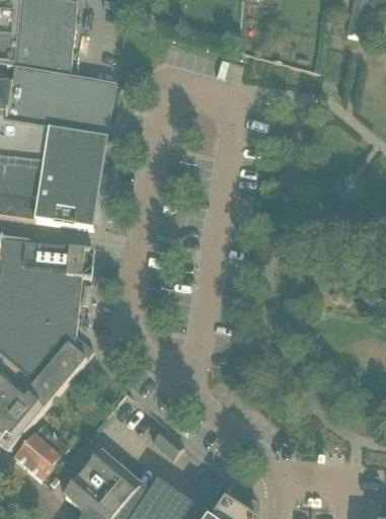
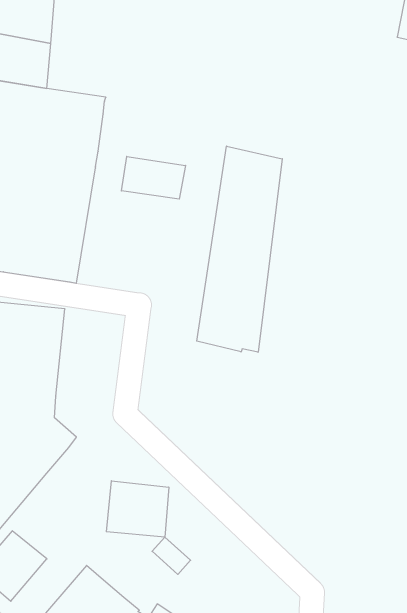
building: none -> [197,146,282,352]
building: none -> [121,156,186,199]
building: none -> [106,481,169,537]

